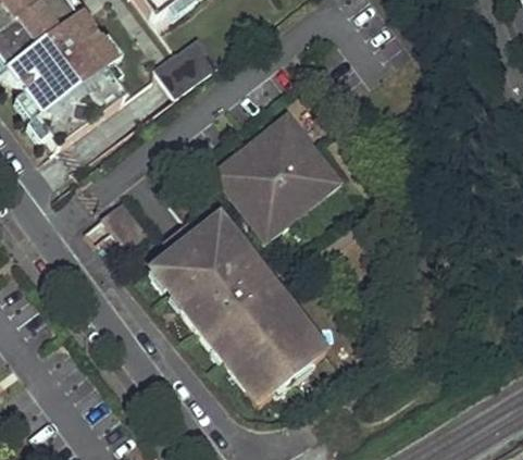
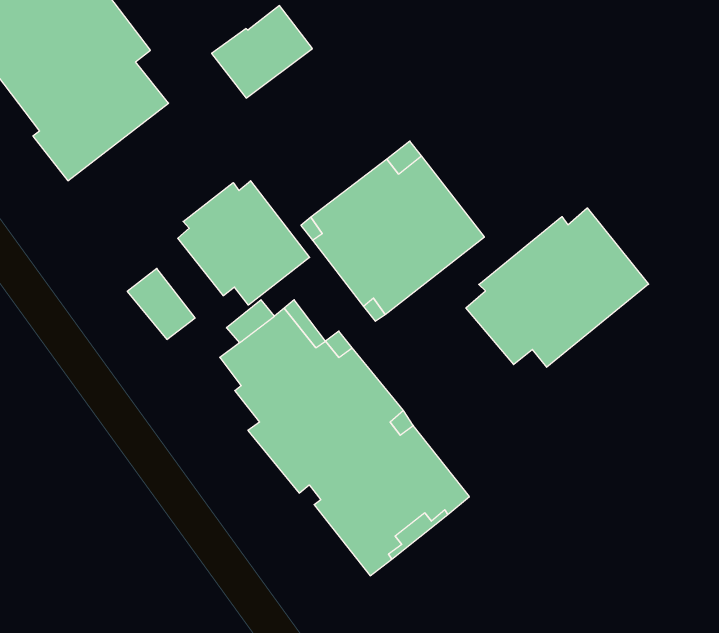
building: none -> [178,181,310,305]
building: none -> [466,208,649,367]

